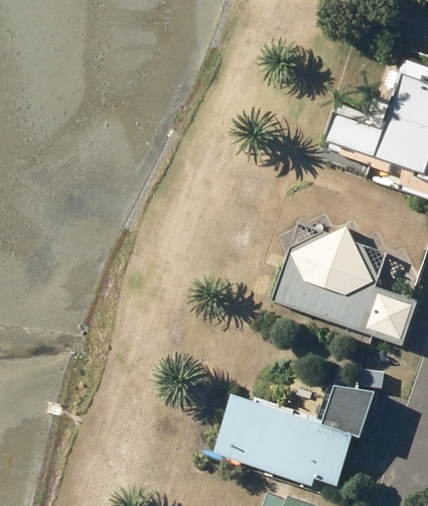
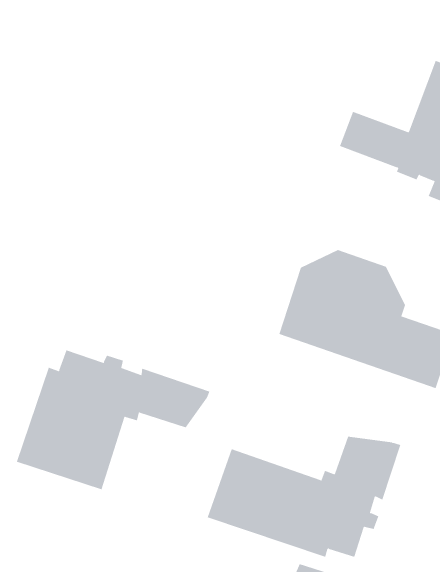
building: none -> [16,349,210,490]

